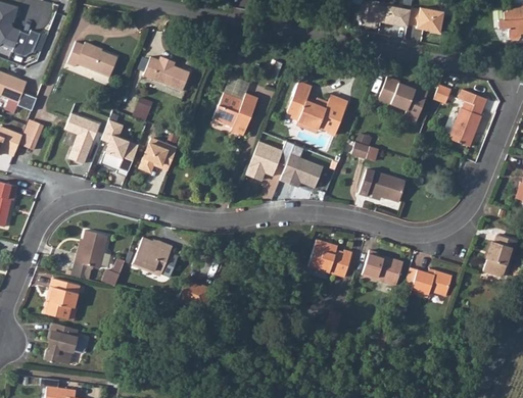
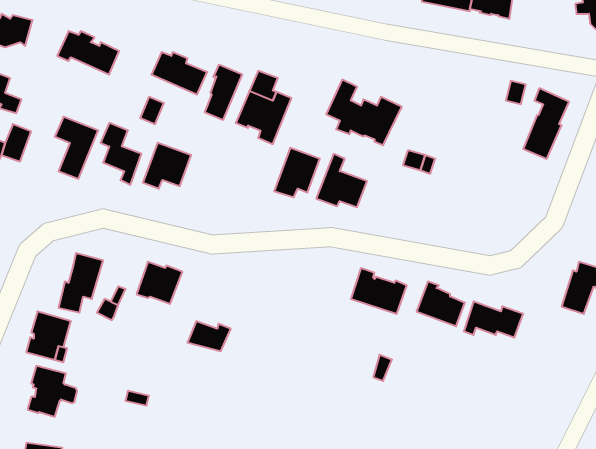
building: none -> [205,65,242,120]
building: [380,78,430,125] -> none
building: [360,169,407,204] -> none

